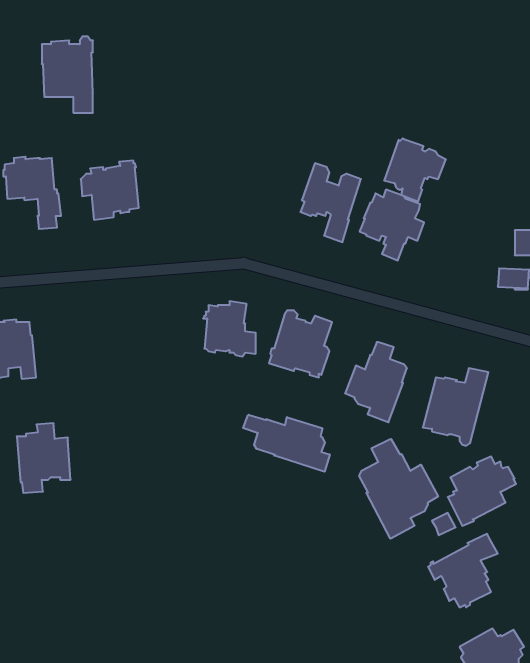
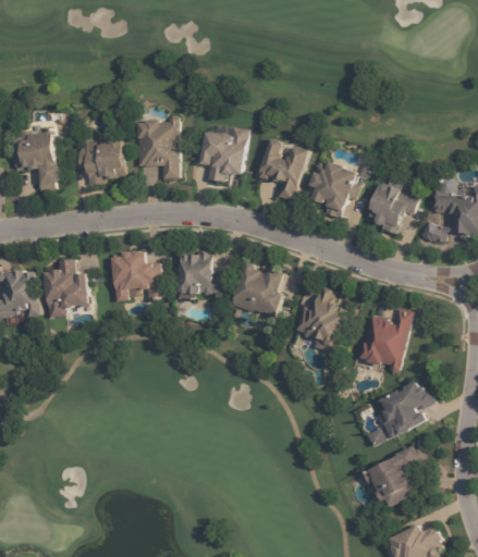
building: [42,36,93,113] -> [136,114,179,177]
building: [384,138,446,201] -> [368,182,419,234]
building: none -> [200,128,248,182]
building: none -> [112,250,163,302]
building: [243,415,330,472] -> none
building: [17,423,71,493] -> [44,260,88,318]
building: [359,439,438,539] -> none

